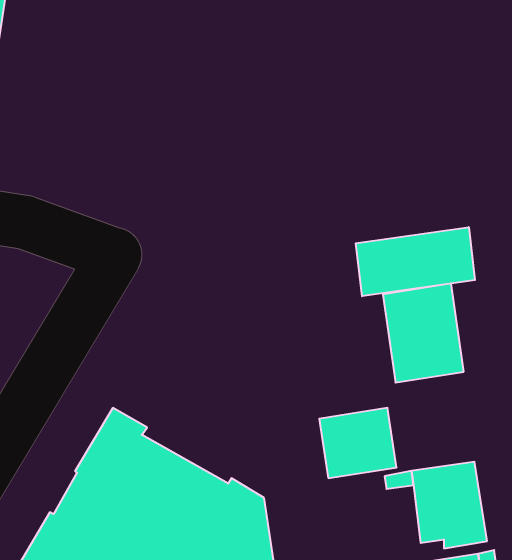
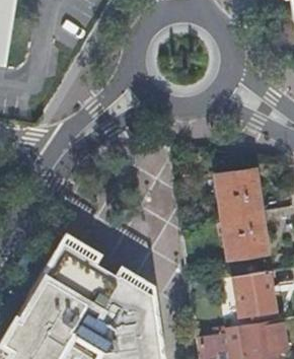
building: [356,227,475,296] -> none
building: [319,408,397,478] -> [225,218,269,258]

